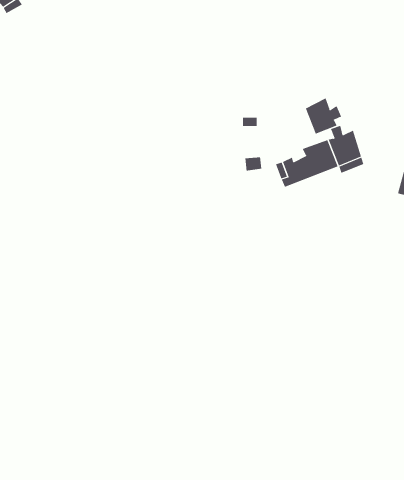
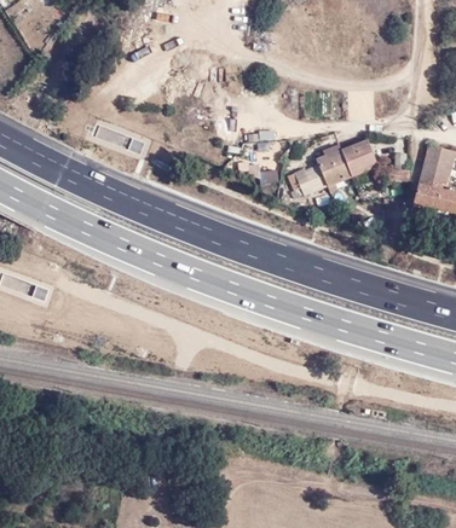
building: [305,97,342,135] -> none

